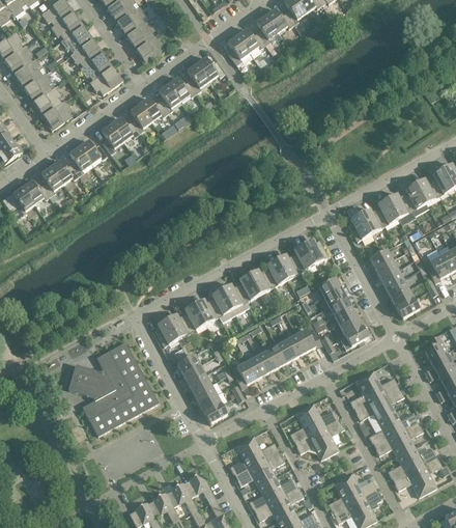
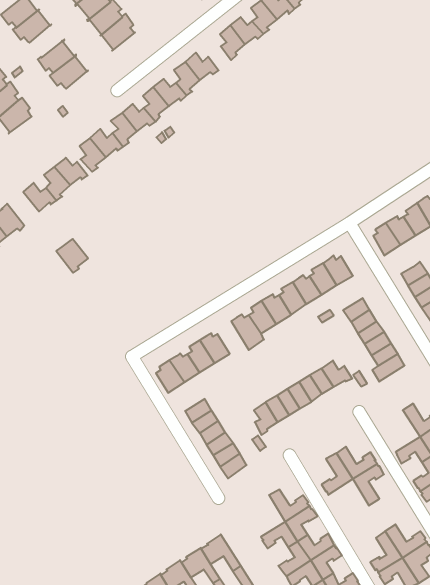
building: [60,24,94,52] -> none
building: [135,33,165,64] -> none
building: [89,65,123,93] -> none
building: [41,99,72,130] -> none
building: [36,166,63,195] -> [56,239,88,273]
building: [209,288,235,322] -> none
building: [70,340,159,435] -> none
building: [349,374,377,410] -> none
building: [295,430,330,458] -> none
building: [230,440,257,475] -> none

